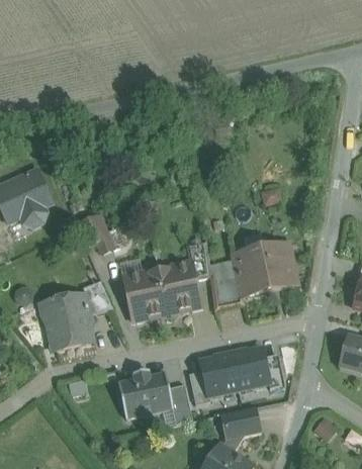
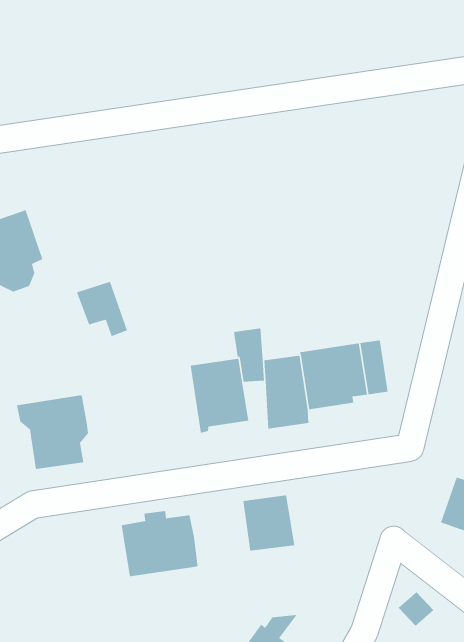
building: [123,269,169,319] -> none
building: [84,280,114,314] -> none
building: [232,347,270,388] -> none
building: [170,383,193,424] -> none
building: [220,406,262,439] -> none

